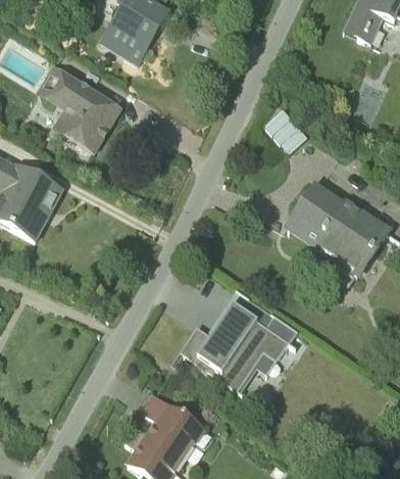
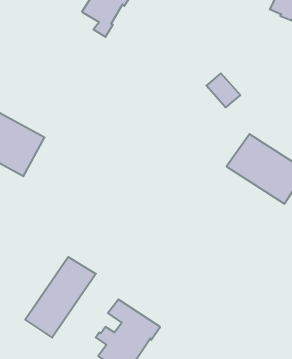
building: [37,66,120,150] -> none
building: [170,303,296,394] -> none
building: none -> [25,257,96,338]

